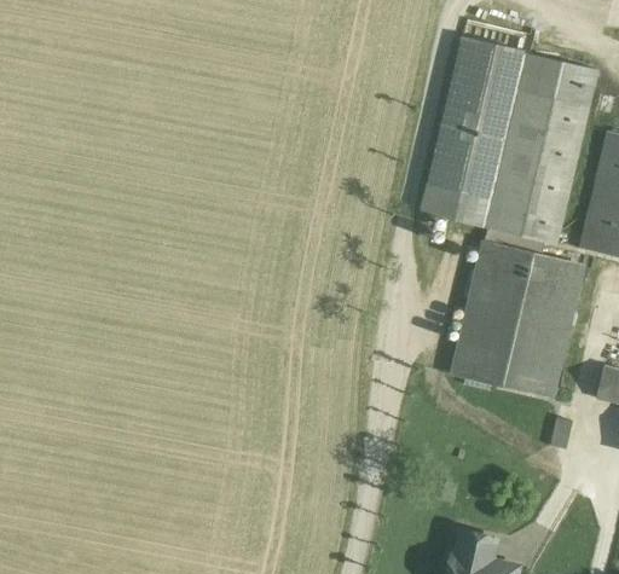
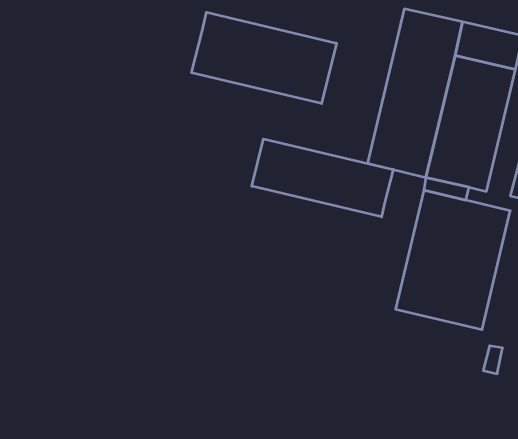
building: none -> [192,12,336,104]
building: none -> [252,139,393,217]

